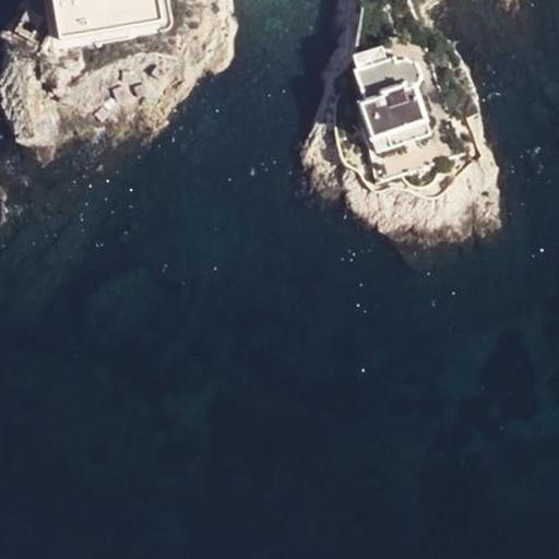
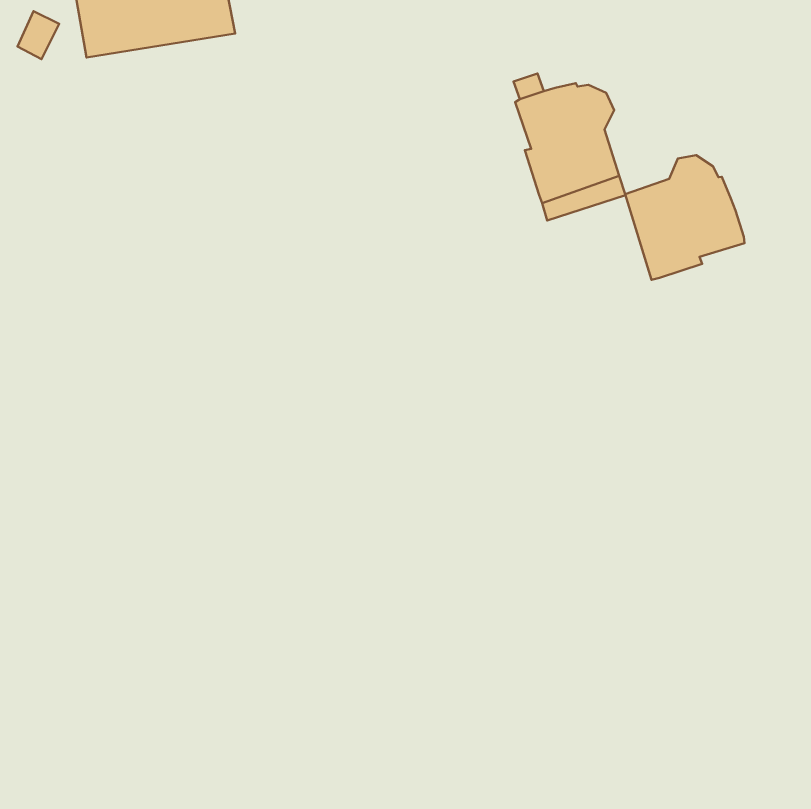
building: none -> [625,155,744,280]

